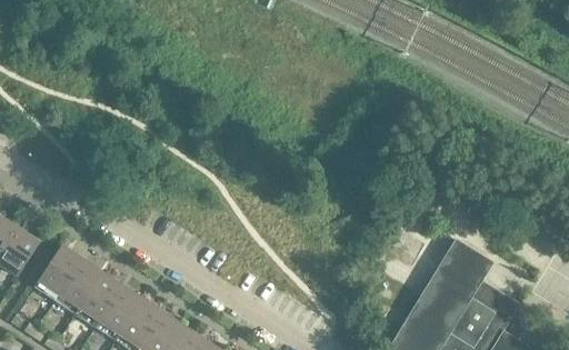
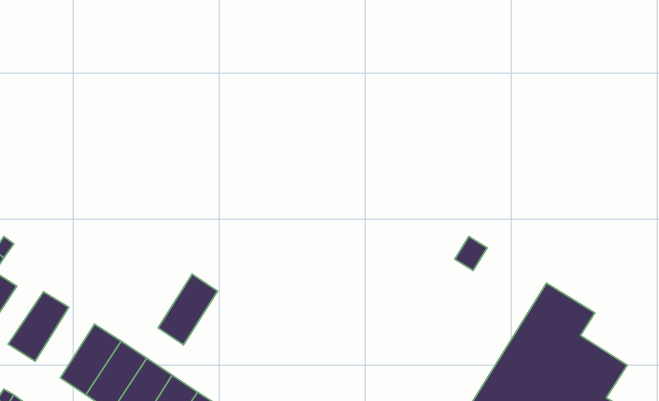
building: [54,258,101,313] -> [158,274,218,345]

